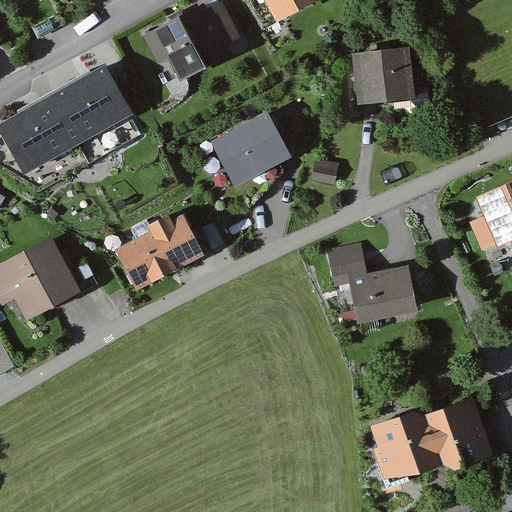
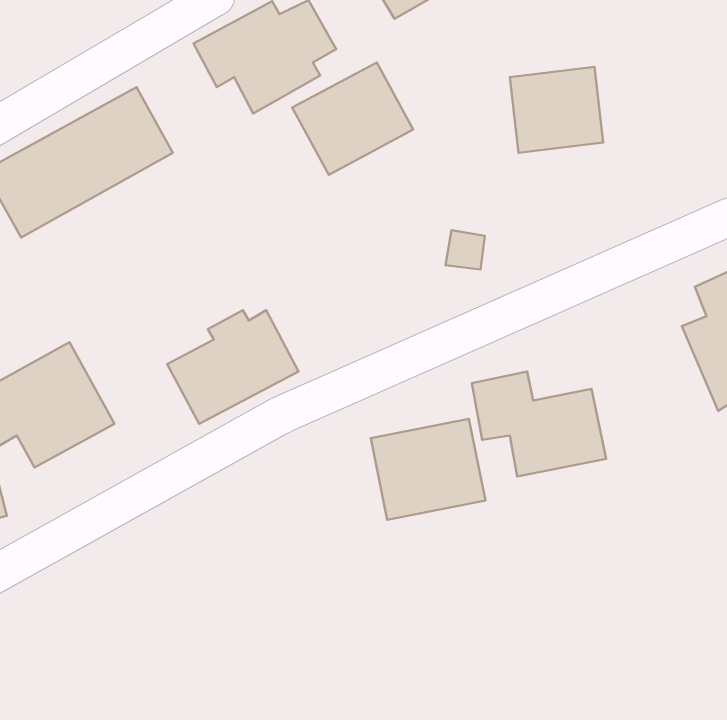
building: [211,110,294,187] -> [292,62,413,175]
building: none -> [371,419,485,520]
building: [371,401,491,481] -> none

